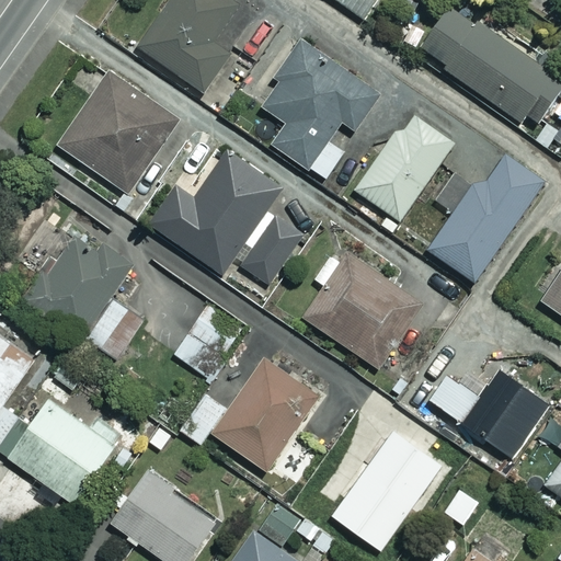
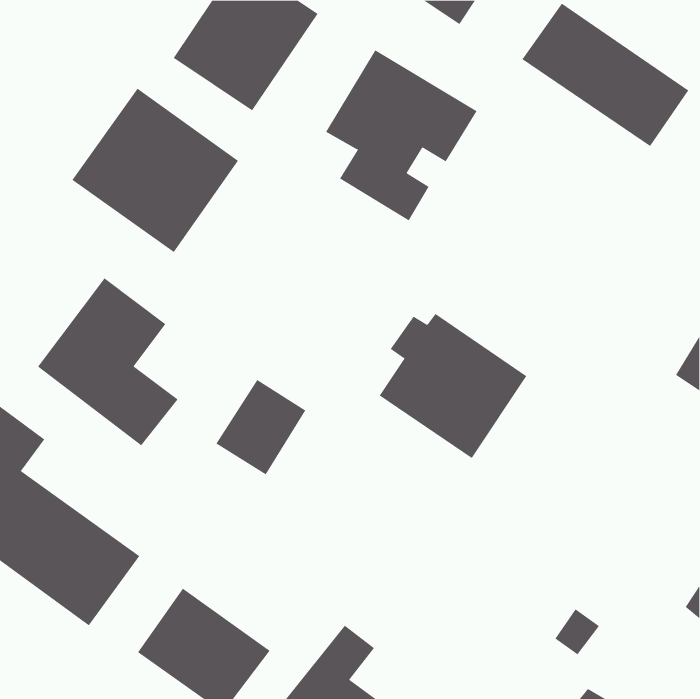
building: [354,113,451,220] -> none
building: [147,151,304,286] -> none
building: [426,153,541,282] -> none
building: [179,357,319,471] -> none
building: [427,368,552,460] -> none
building: [331,431,439,549] -> none

